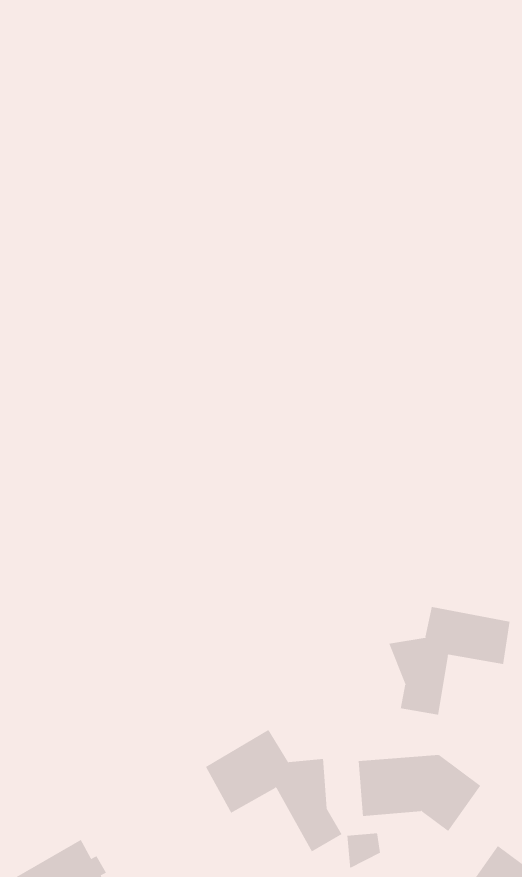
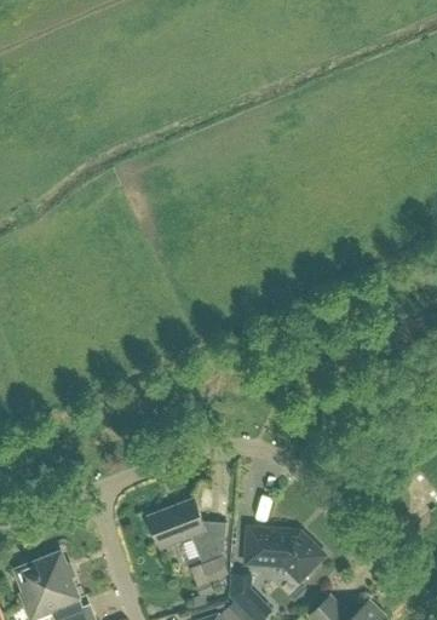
building: [388,606,510,715] -> none

